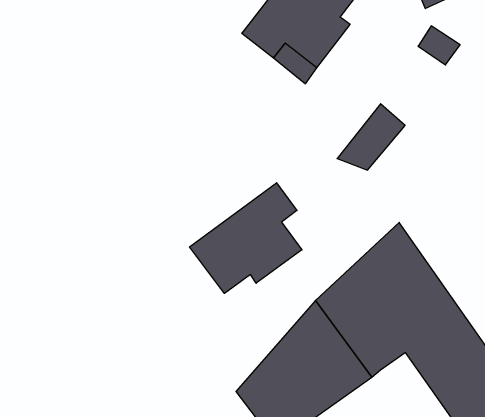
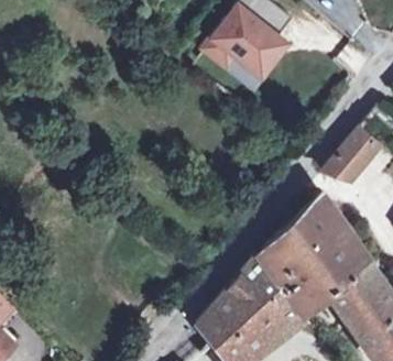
building: [337,104,405,170] -> [327,128,379,178]
building: [190,183,302,293] -> none

